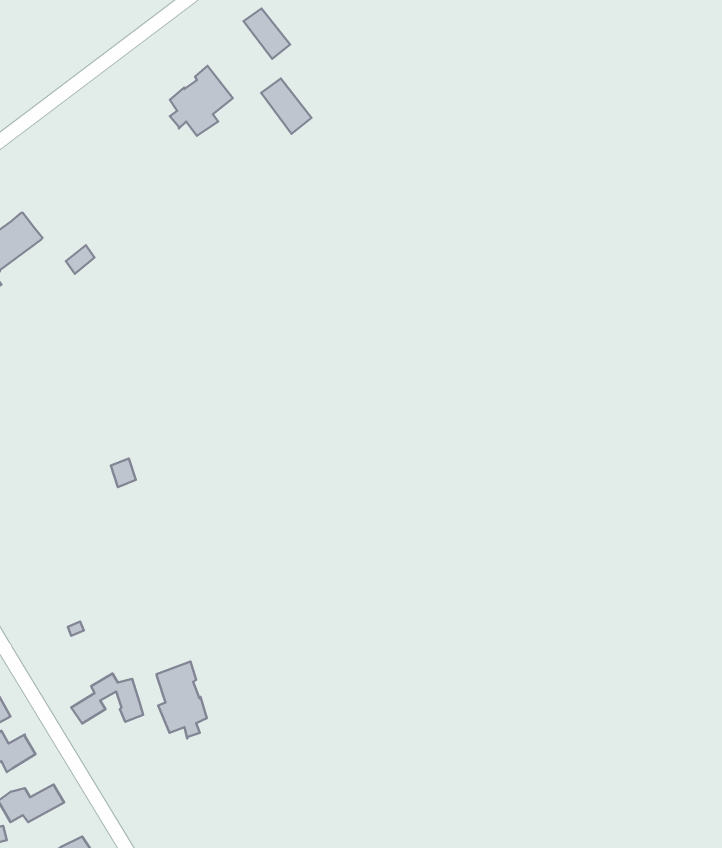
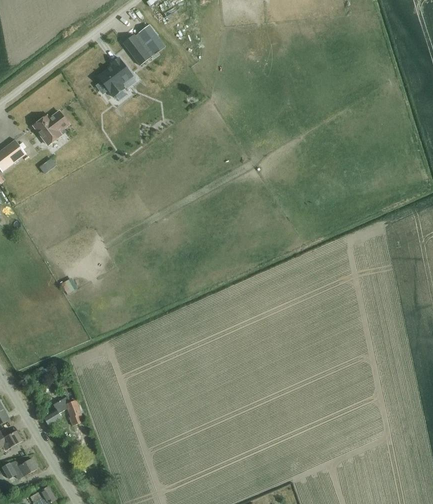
building: [261,78,311,134] -> [123,34,151,65]
building: none -> [34,111,69,144]
building: [156,661,207,738] -> none

